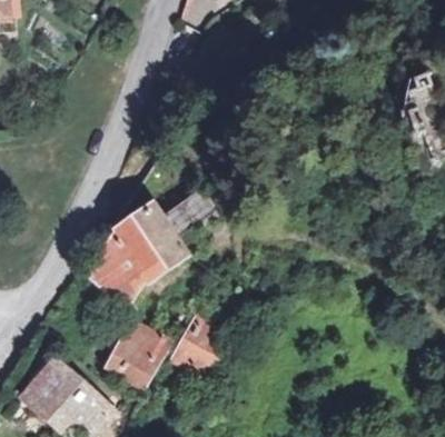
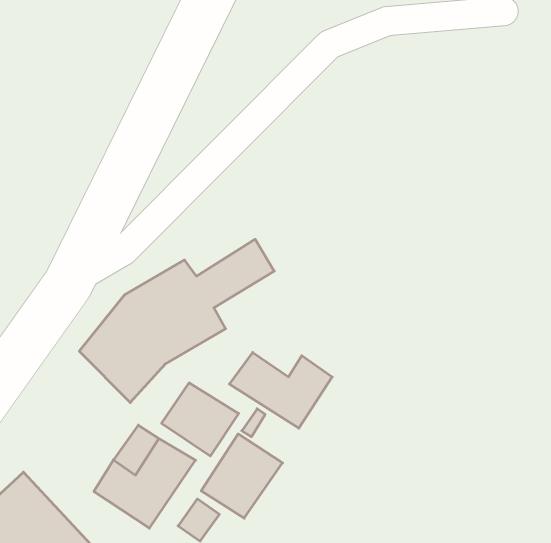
building: none -> [229,352,332,428]
building: none -> [162,383,239,456]

